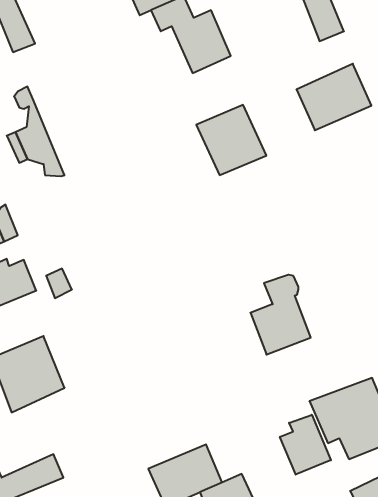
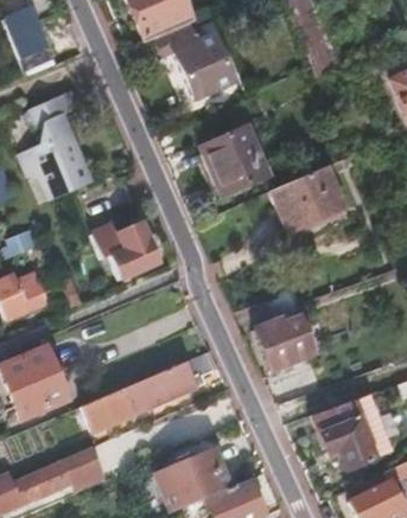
building: [296,64,371,130] -> [273,164,345,228]
building: none -> [39,94,94,193]
building: none -> [88,213,155,282]
building: none -> [88,352,218,428]
building: [280,415,331,475] -> none
building: none -> [64,449,107,493]

